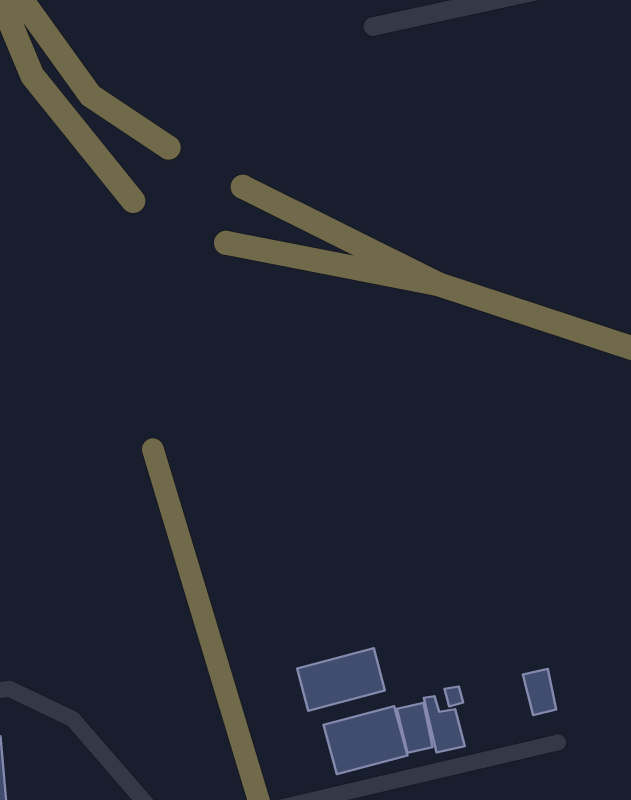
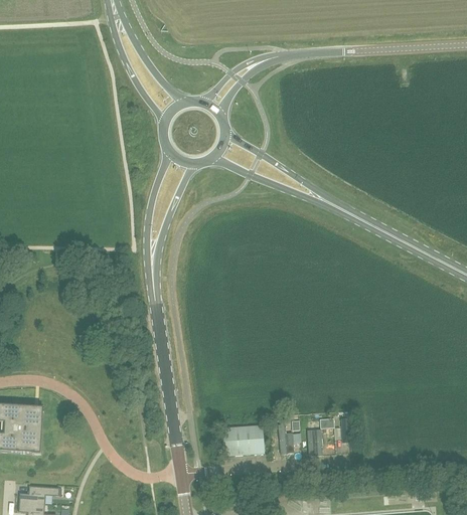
building: [297,648,385,711] -> none
building: [397,703,432,753] -> [306,428,322,455]

